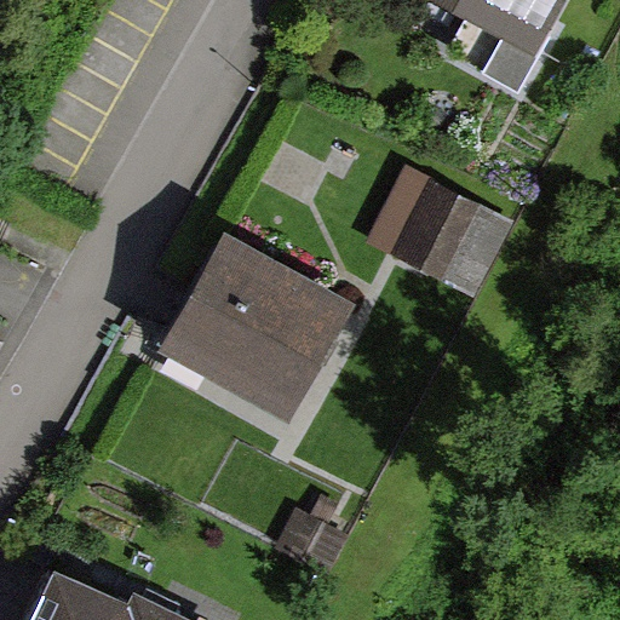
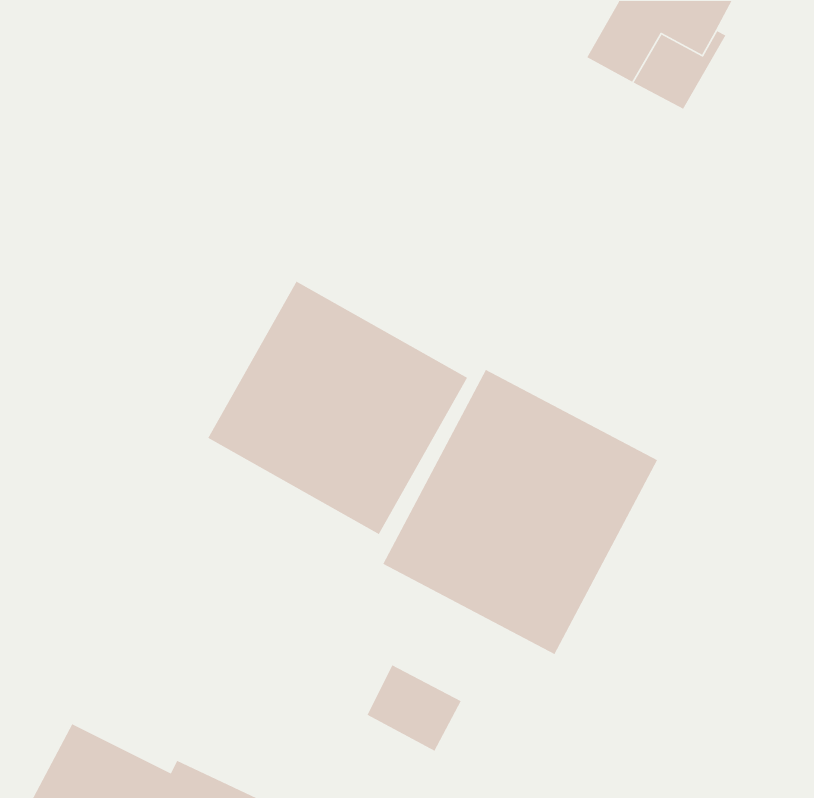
building: [366,172,512,303] -> none
building: none -> [382,369,658,655]

